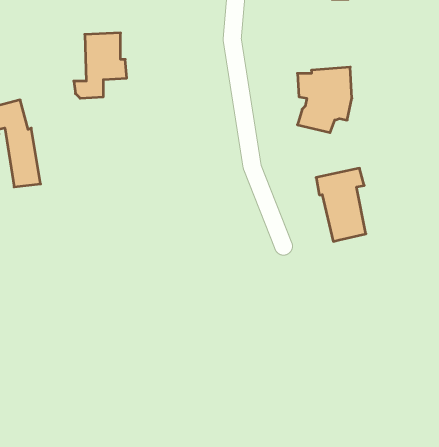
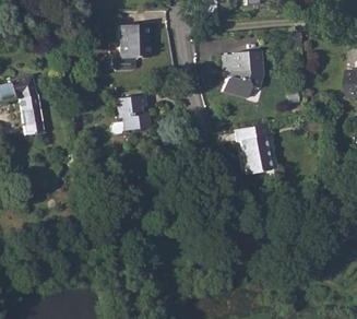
building: [74,33,127,98] -> [112,25,150,71]
building: none -> [112,95,152,133]

